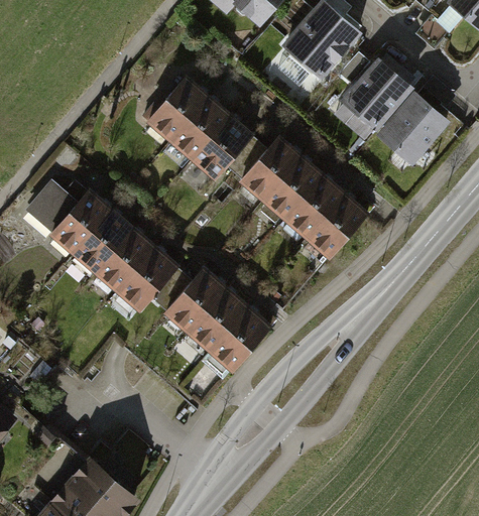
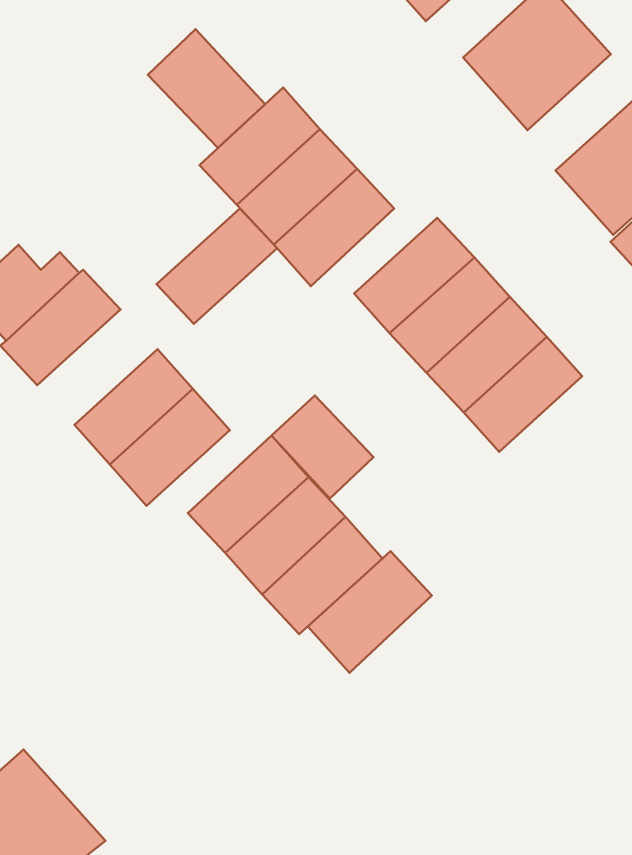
building: none -> [148,29,265,148]
building: [71,208,134,274] -> [157,208,277,324]
building: none -> [271,396,373,499]
building: none -> [308,551,432,673]

